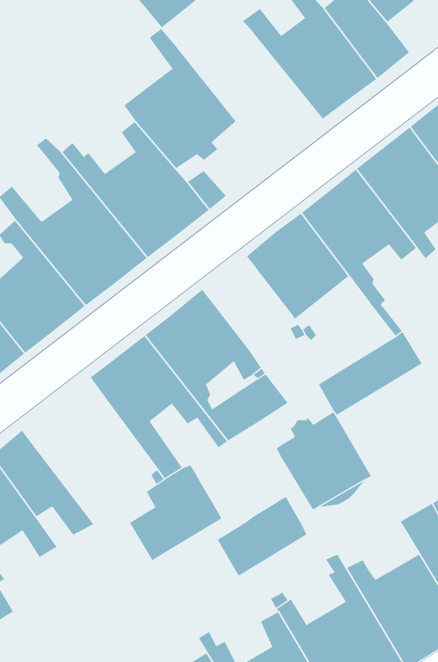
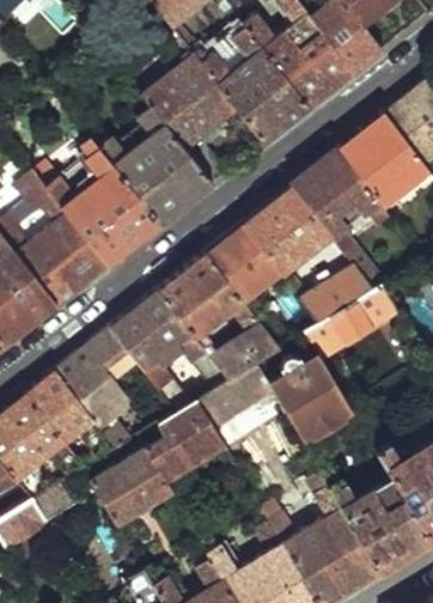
building: none -> [183,28,309,144]
building: none -> [207,224,283,304]
building: none -> [303,269,371,324]
building: none -> [54,327,133,451]
building: [217,496,307,577] -> [197,364,274,432]
building: none -> [89,446,171,528]

